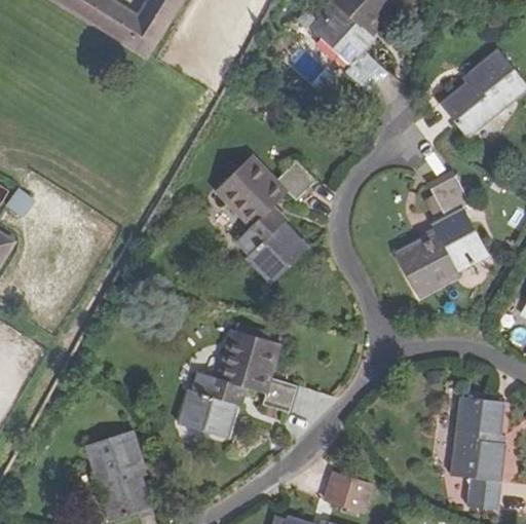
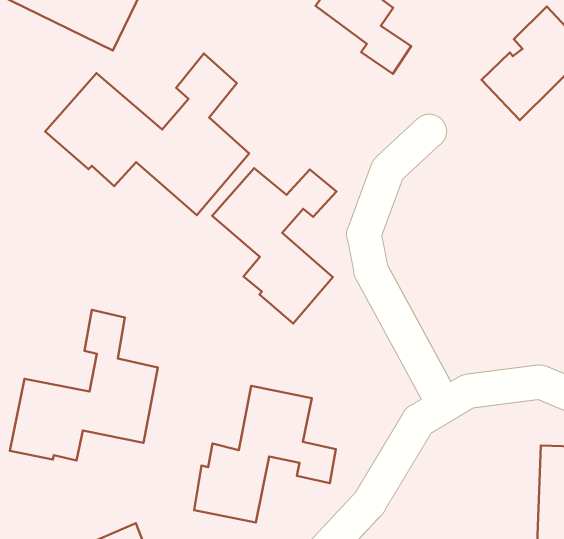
building: none -> [45,54,249,215]
building: [394,175,486,296] -> none
building: none -> [10,310,158,460]

